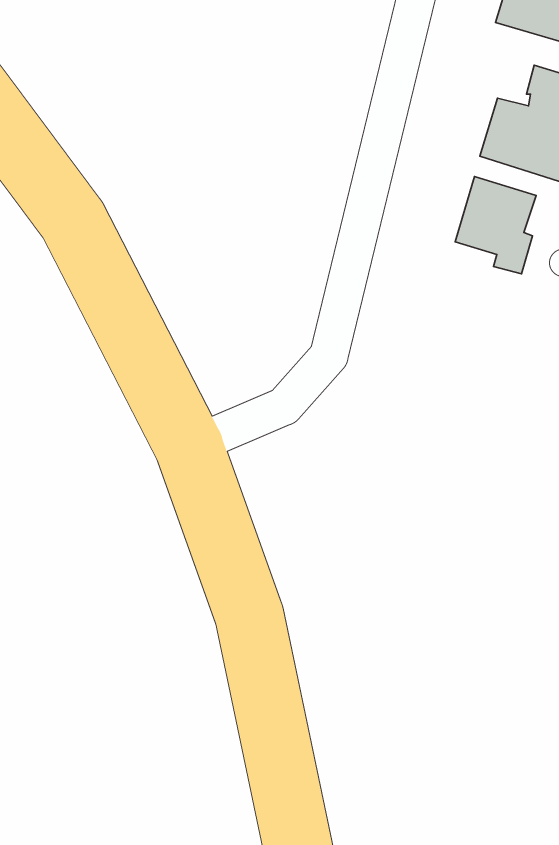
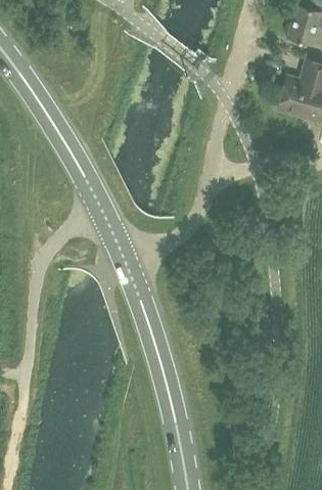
building: [455,176,536,274] -> none

